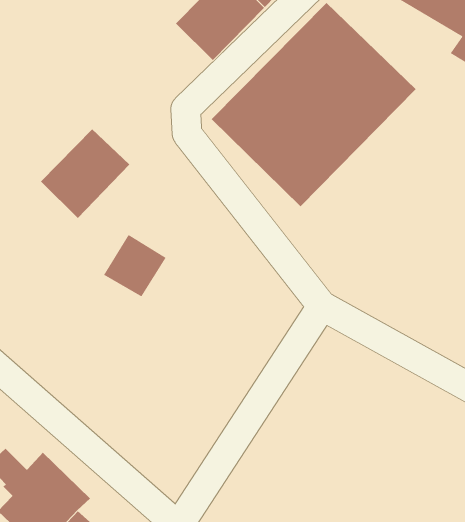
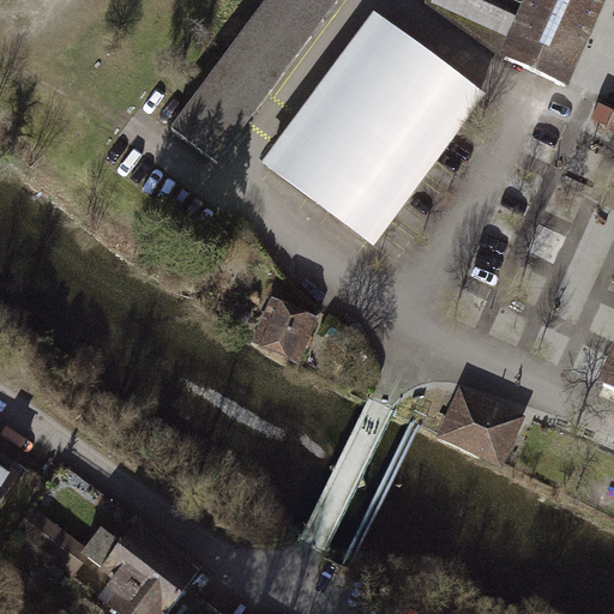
building: [40,128,130,219] -> [169,66,260,162]
building: [103,234,167,297] -> [257,299,320,362]
building: none -> [435,386,520,464]

